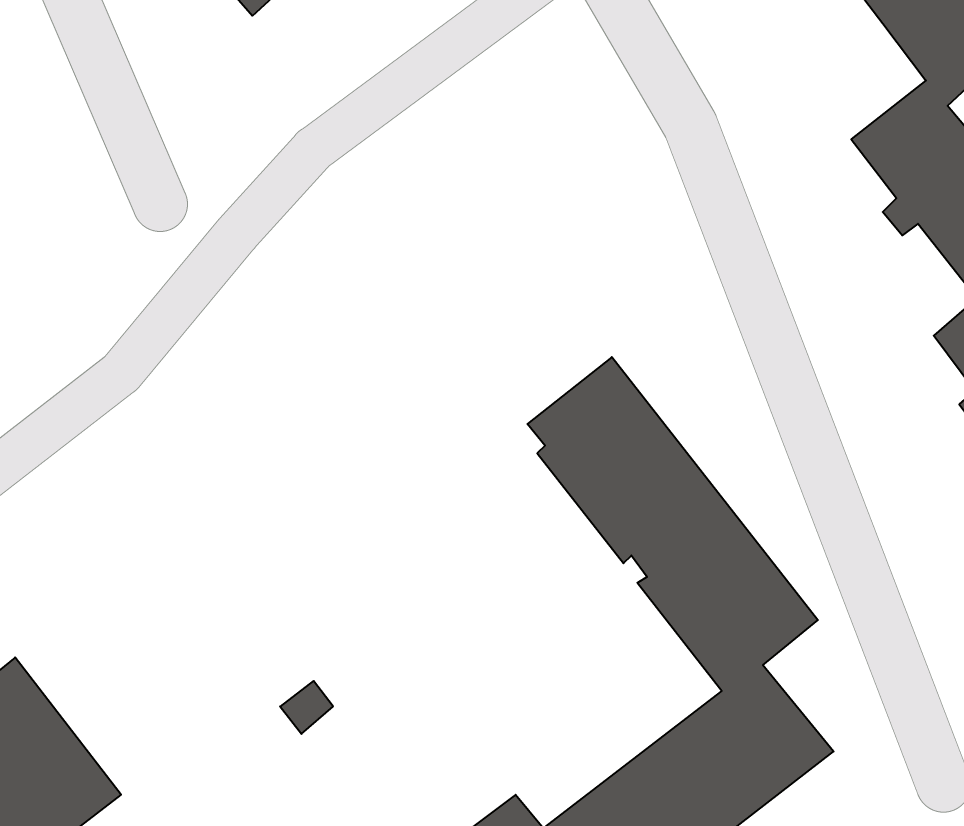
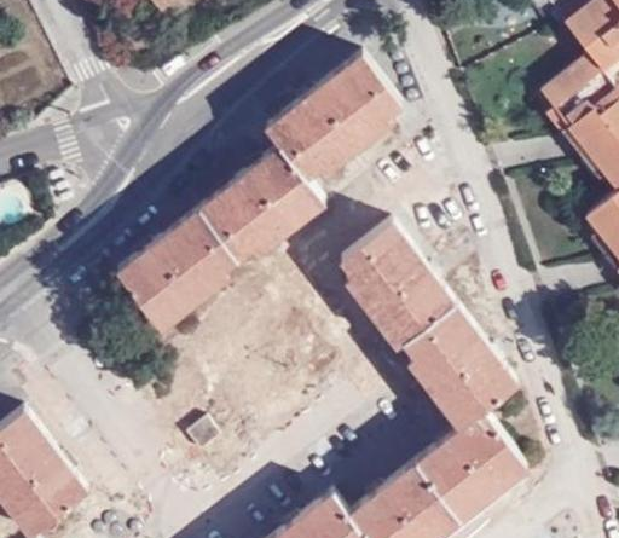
building: none -> [115,57,401,332]

